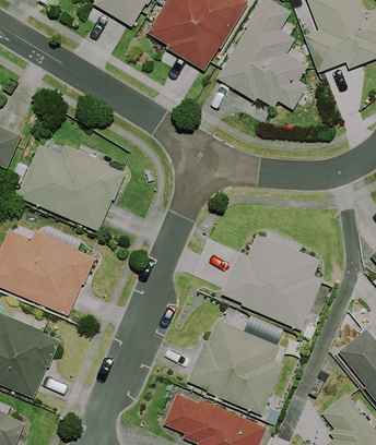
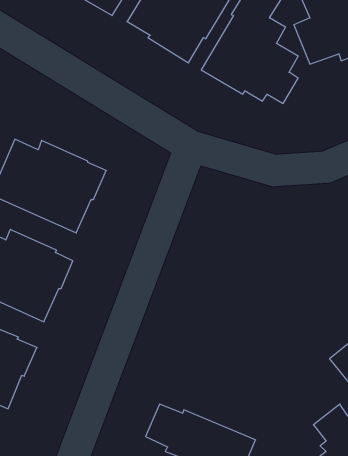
building: [221,232,322,330] -> none
building: [186,318,284,416] -> none

